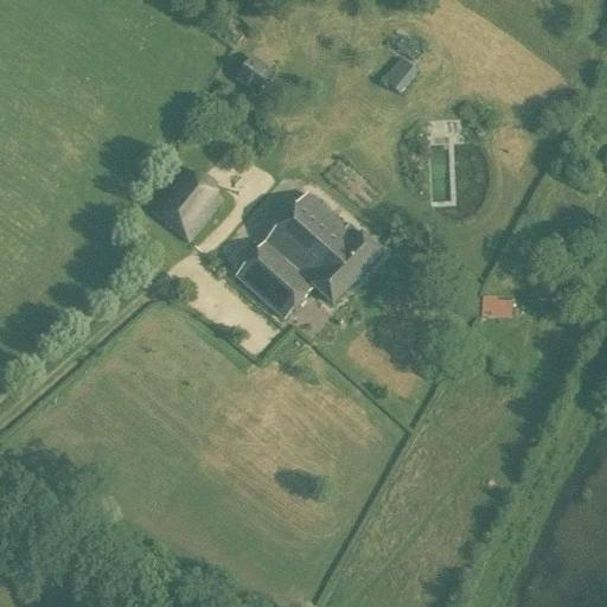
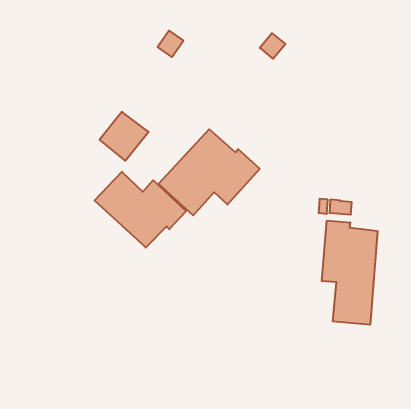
building: none -> [95,172,186,248]
building: none -> [322,221,377,325]

